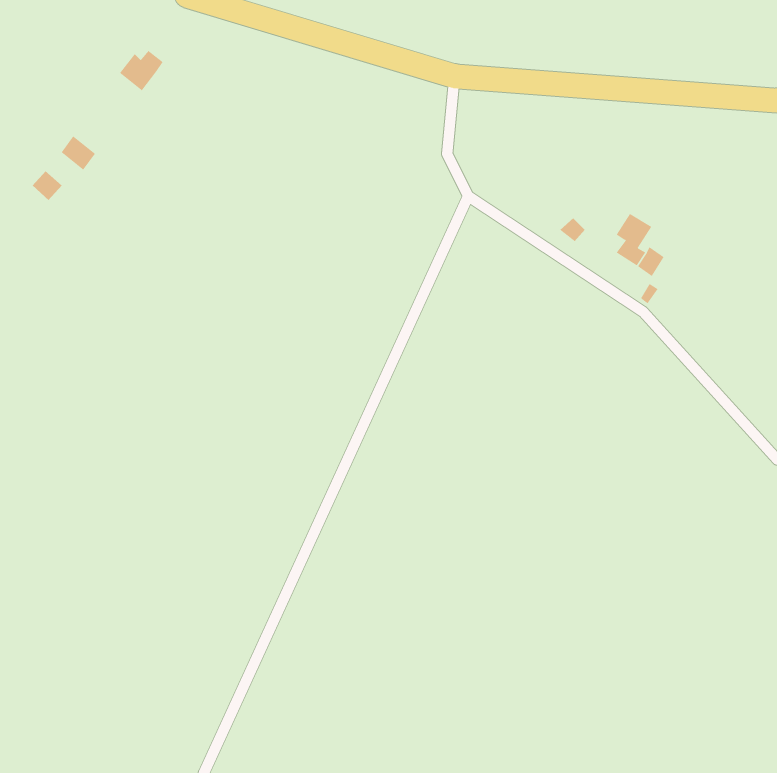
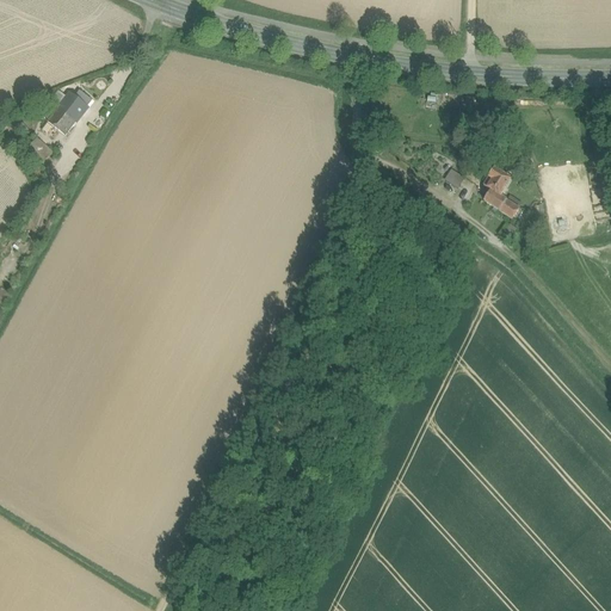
building: [119,50,163,91] -> [57,88,92,121]

